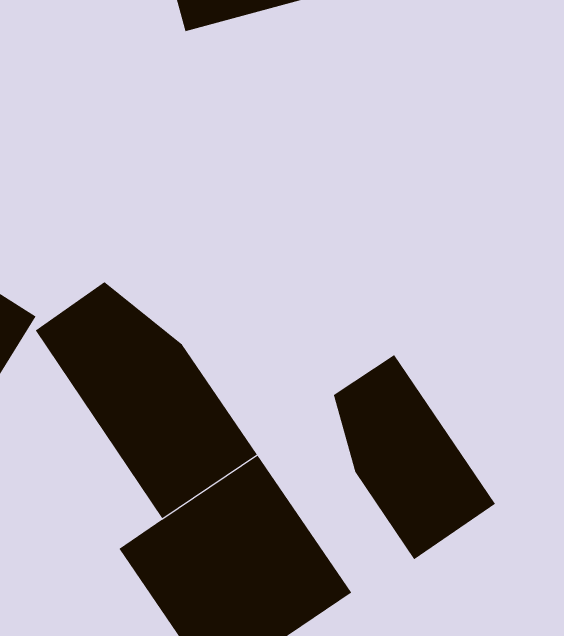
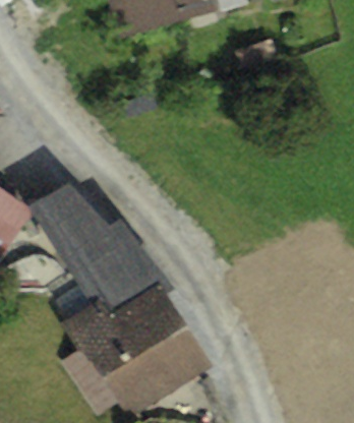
building: [333,354,496,560] -> none

